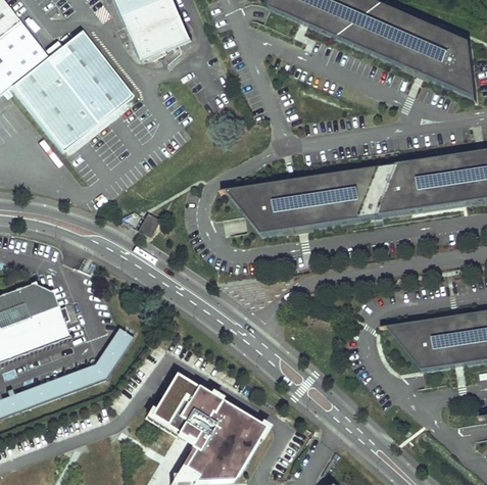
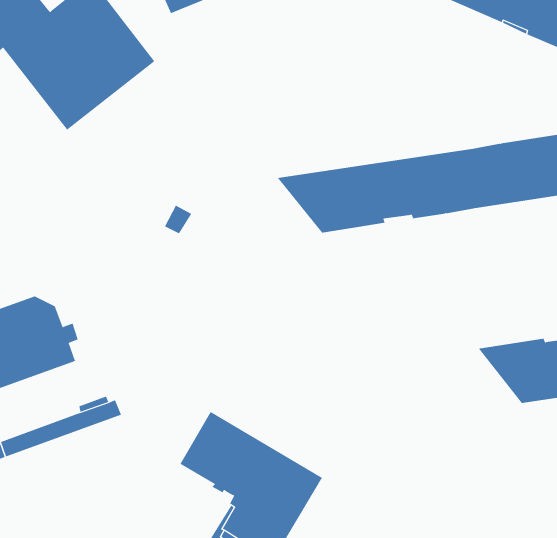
building: [96,327,133,378] -> none

